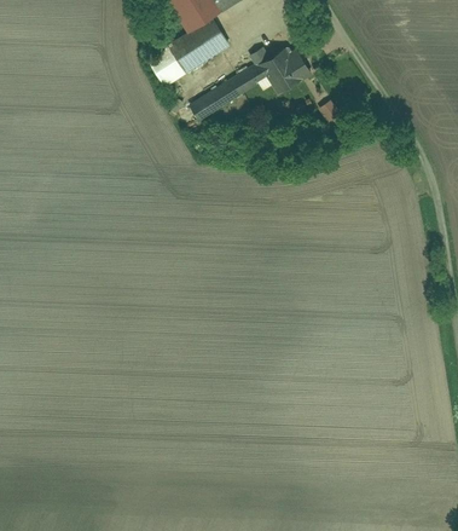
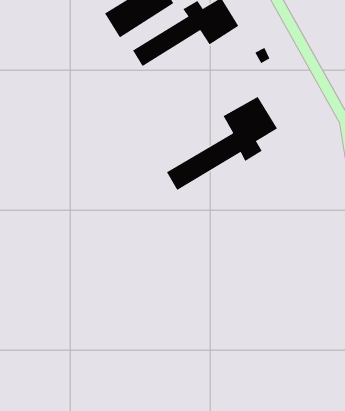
building: none -> [166,96,278,191]

